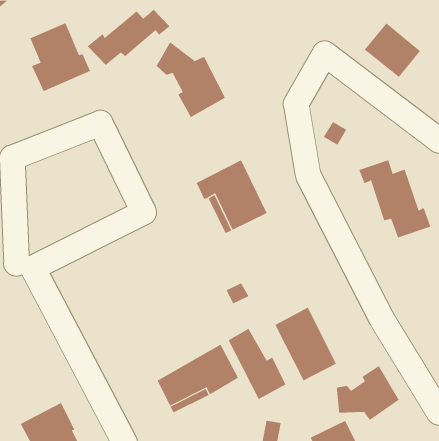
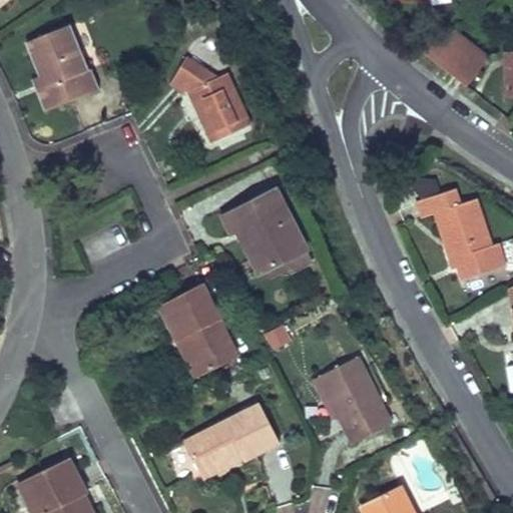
building: [87,9,170,66] -> none
building: none -> [153,290,237,387]
building: [228,328,286,400] -> none
building: [336,365,399,421] -> none

